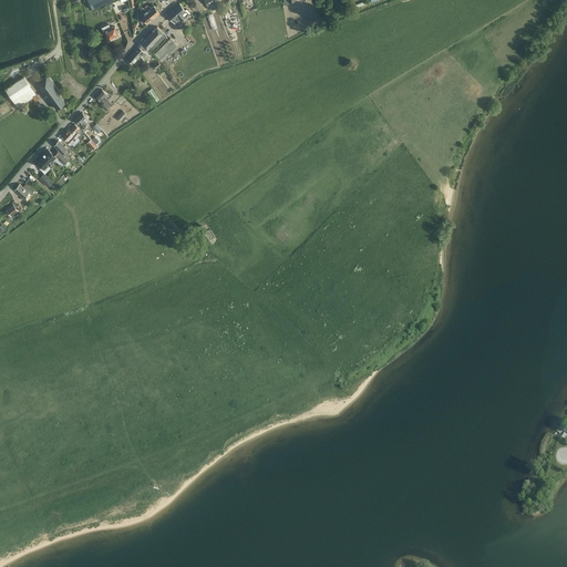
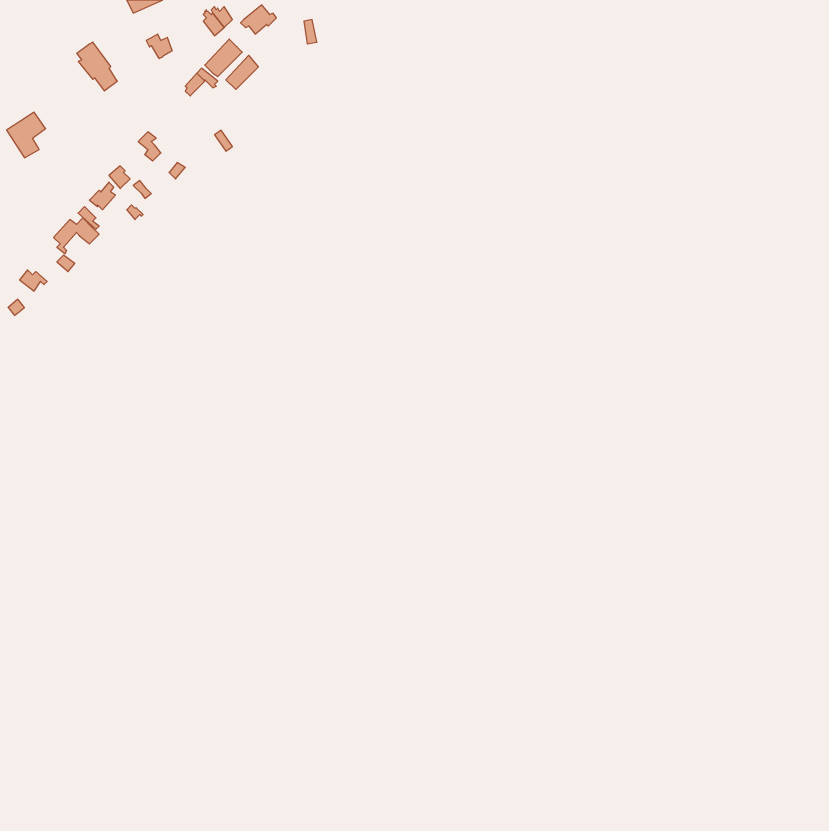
building: [37,75,64,109] -> [77,42,117,91]

